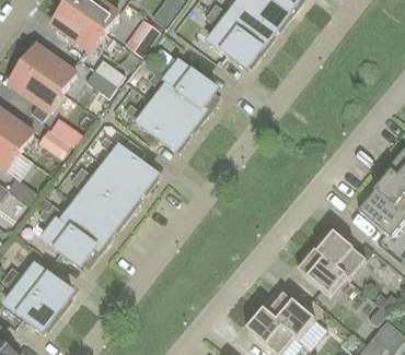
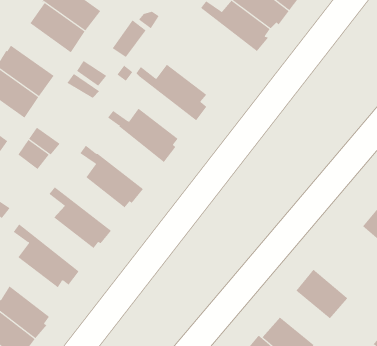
building: [205,10,262,68] -> none
building: [148,73,206,130] -> none
building: [76,165,140,214] -> none
building: [47,202,112,251] -> none
building: [313,232,366,279] -> none

